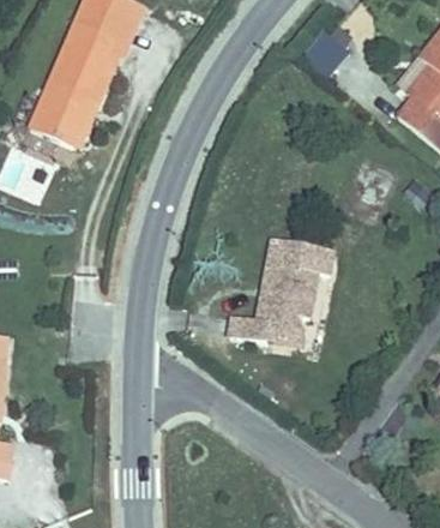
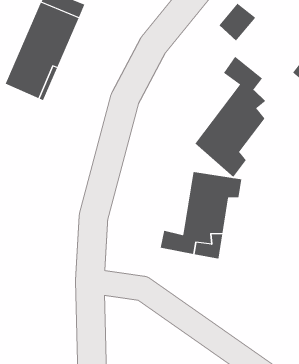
building: none -> [195,56,266,178]

